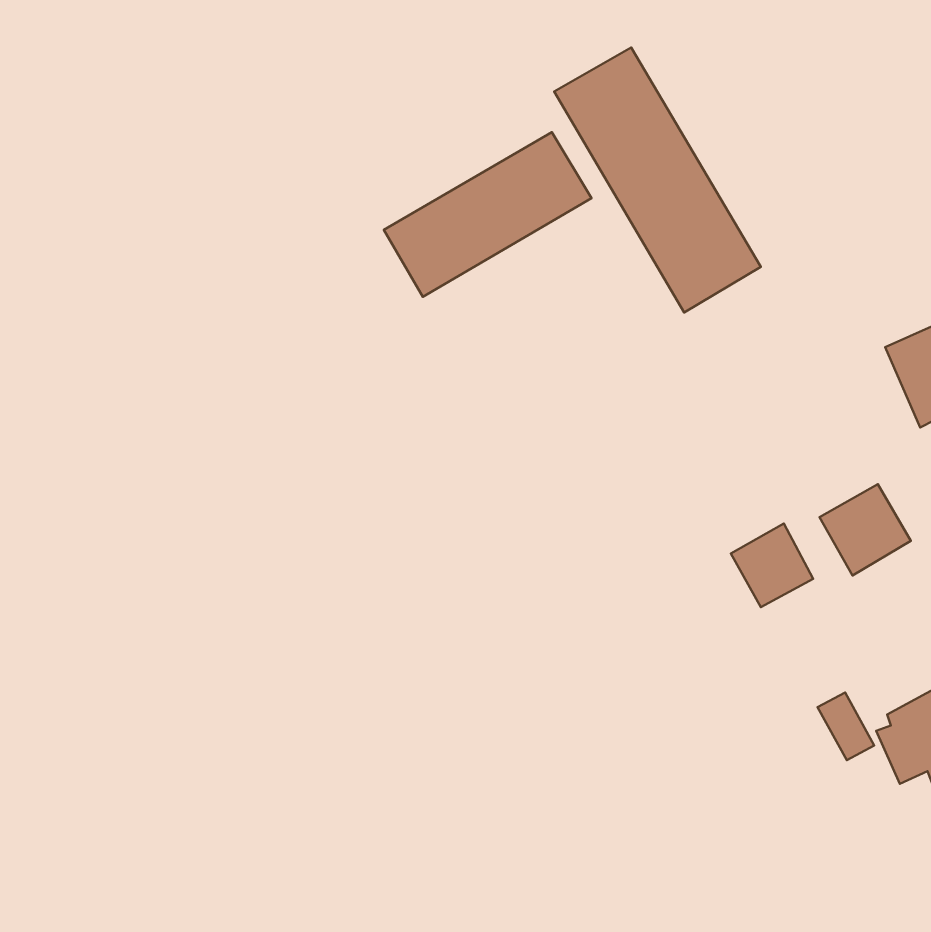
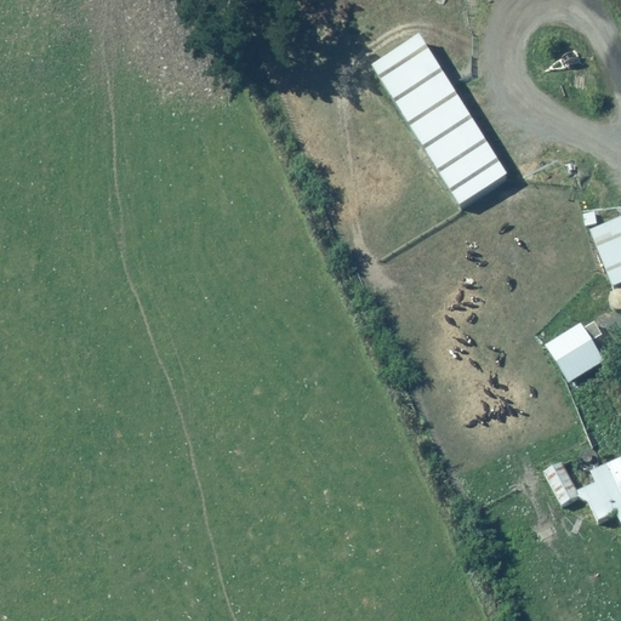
building: [384,132,591,297] -> none
building: [731,524,813,607] -> none

